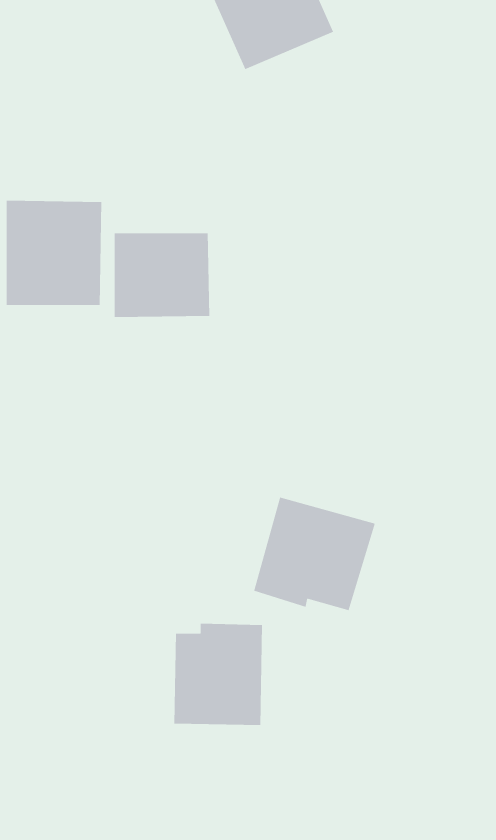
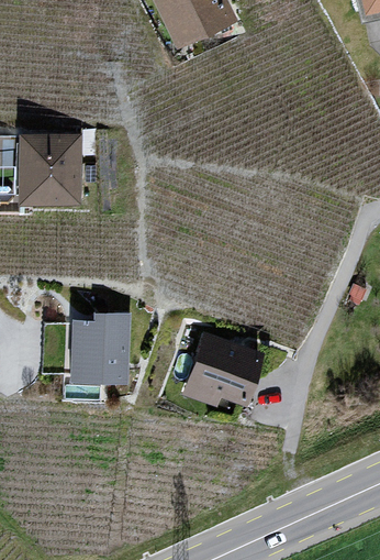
building: [114,233,210,318] -> none
building: [173,623,263,726] -> [72,314,132,382]

